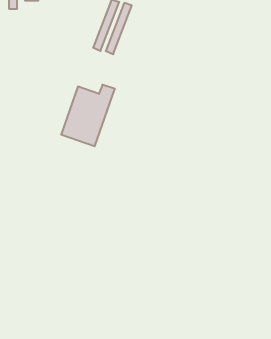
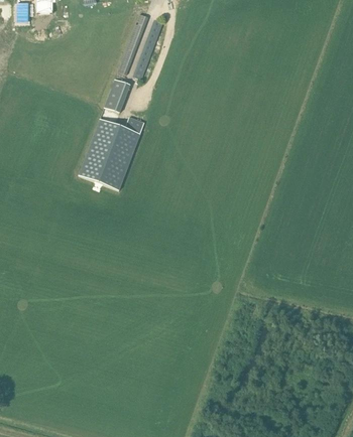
building: none -> [104,79,130,113]

